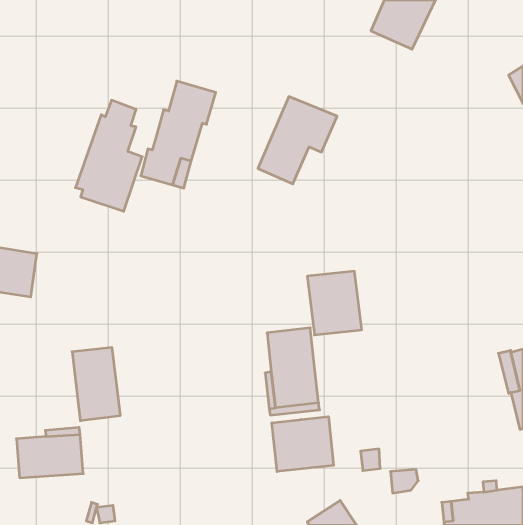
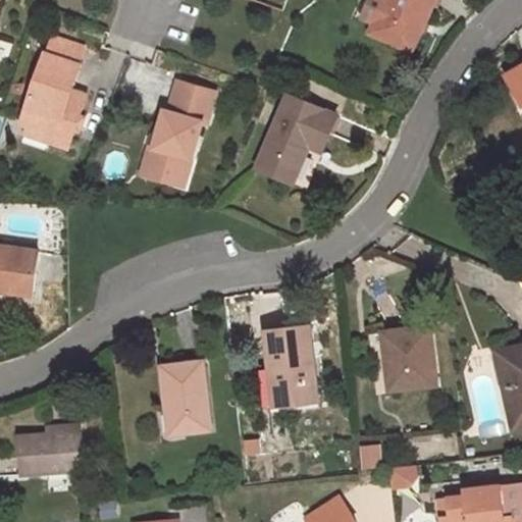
building: [75,100,142,211] -> [18,38,85,148]
building: [307,271,362,335] -> [380,326,434,389]
building: [72,348,120,421] -> [160,362,208,434]
building: [272,417,334,472] -> none

